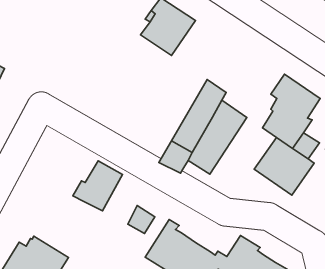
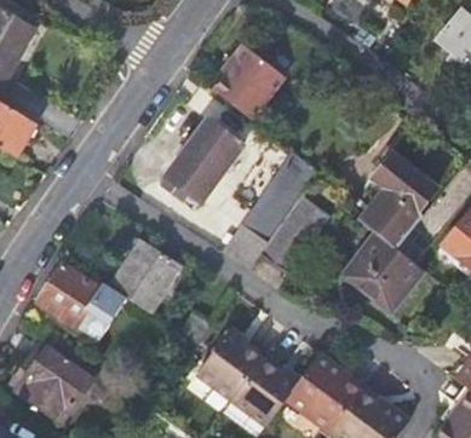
building: none -> [166,119,241,201]
building: none -> [36,264,125,328]

